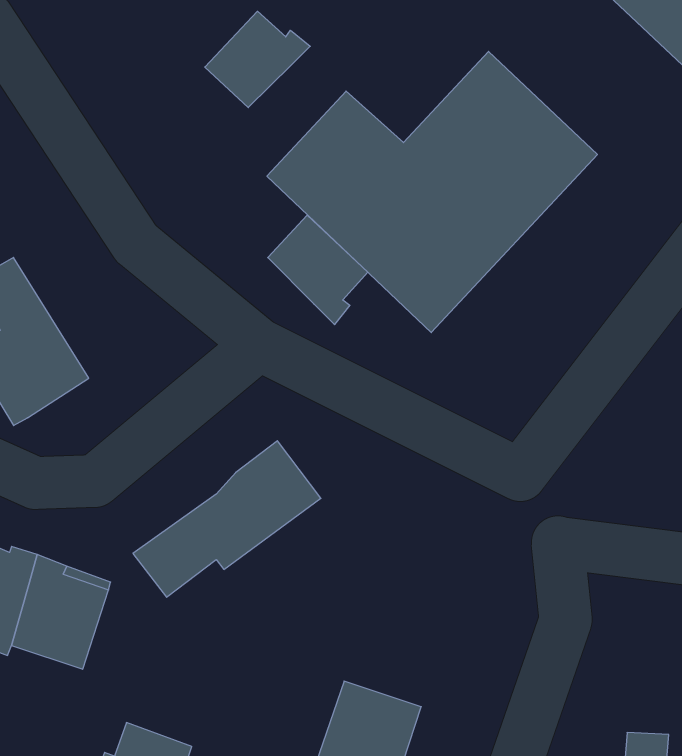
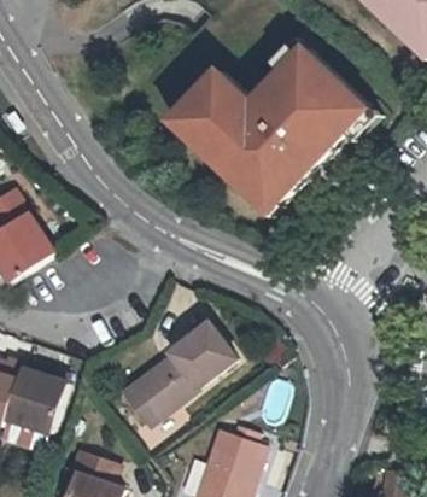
building: [205,11,310,108] -> none
building: [268,215,368,325] -> none
building: [133,441,321,597] -> [124,324,239,420]

